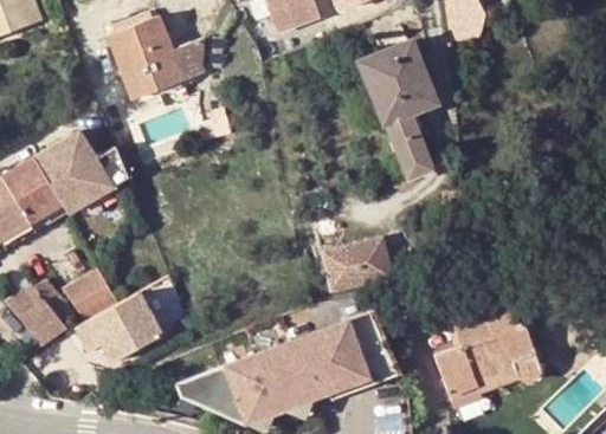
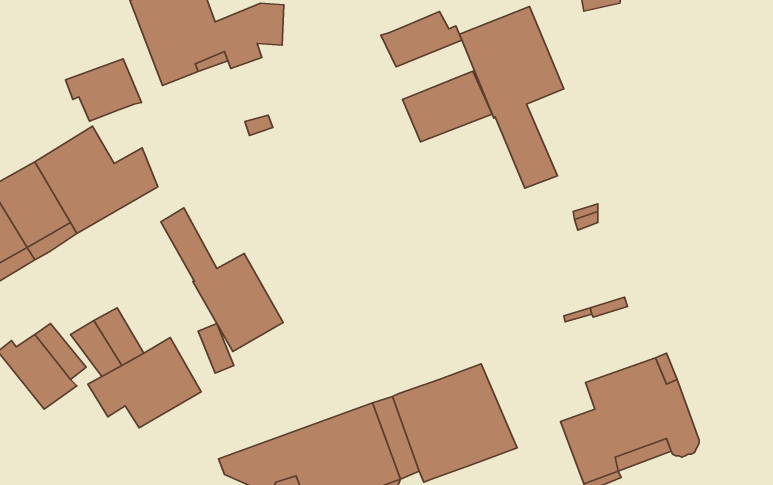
building: none -> [381,12,462,67]
building: none -> [65,59,141,121]
building: none -> [402,71,492,142]
building: none -> [161,208,283,352]
building: [322,237,389,290] -> none

